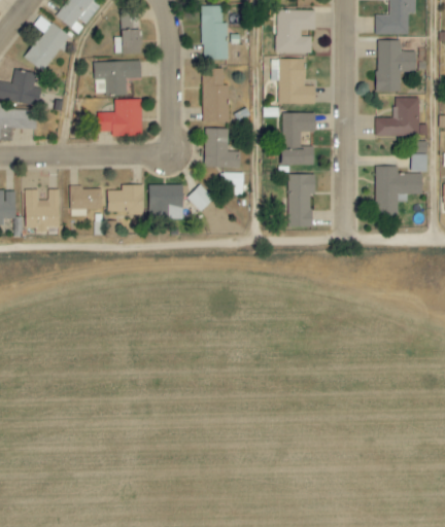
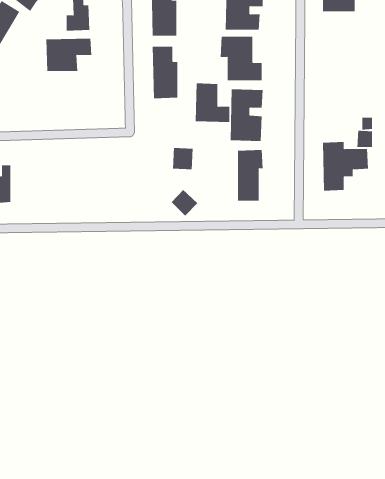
building: [377,40,416,92] -> none
building: [375,98,426,136] -> none
building: [97,99,141,136] -> none
building: [204,128,240,168] -> [195,83,230,122]
building: [107,184,143,213] -> none
building: [148,184,182,218] -> none
building: [186,184,214,212] -> [171,189,198,216]
building: [70,187,102,216] -> none

